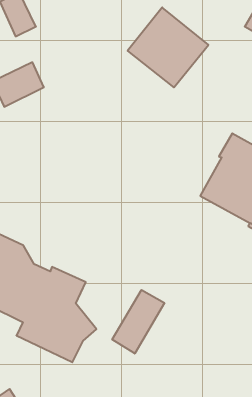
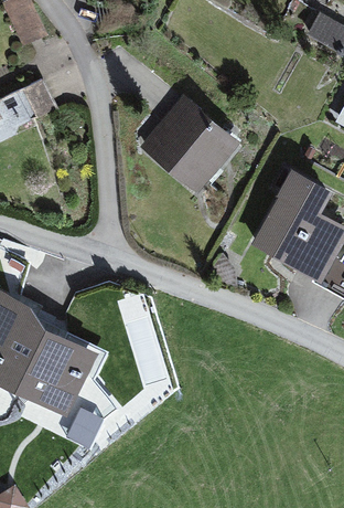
building: [128,7,208,87] -> [140,95,240,194]
building: [112,290,164,354] -> none

